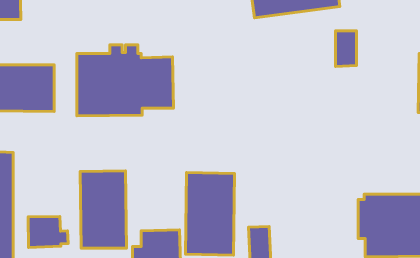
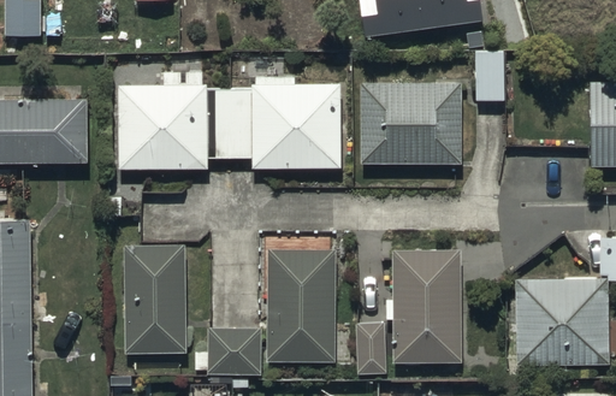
building: none -> [250,78,343,171]
building: none -> [359,83,463,164]
building: none -> [385,252,462,362]
building: [28,217,68,247] -> none

